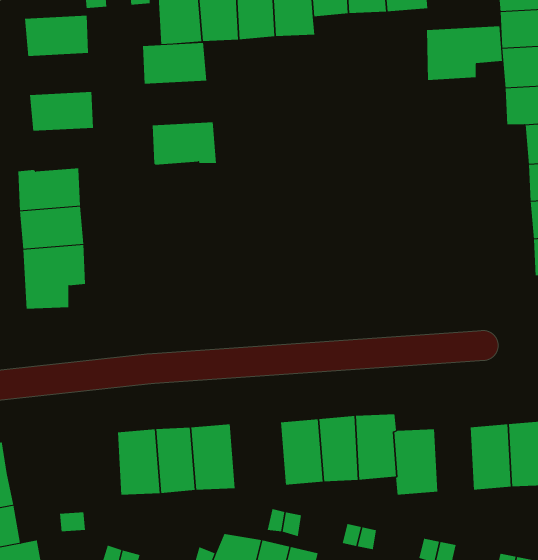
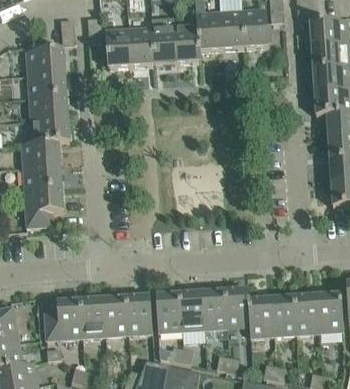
building: [427,26,503,81] -> none
building: [142,43,207,84] -> [27,73,66,98]
building: [152,122,217,165] -> [30,118,69,144]
building: none -> [155,295,182,334]
building: none -> [272,298,295,337]
building: none -> [44,301,83,342]

